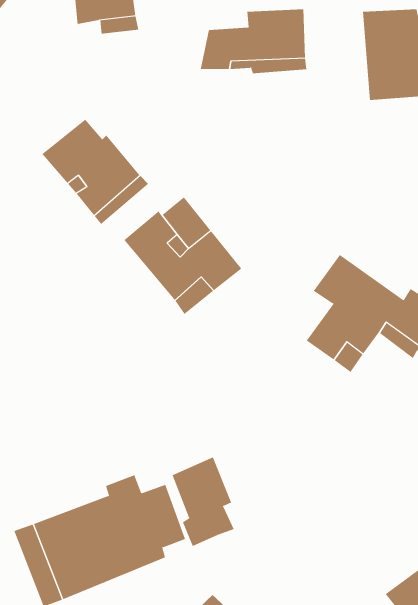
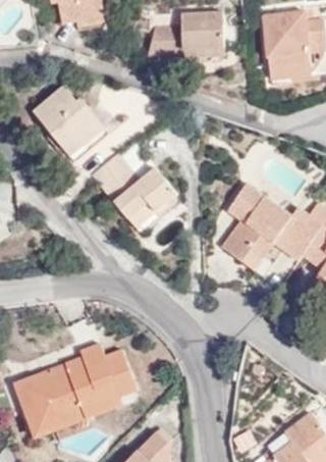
building: [172,456,234,547] -> none

